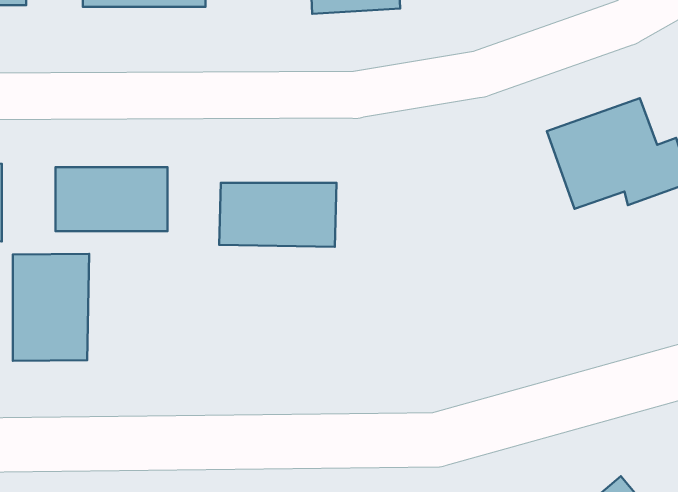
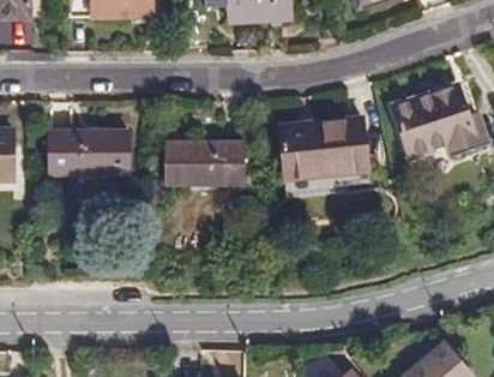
building: none -> [278,115,369,178]
building: [13,254,89,361] -> none

